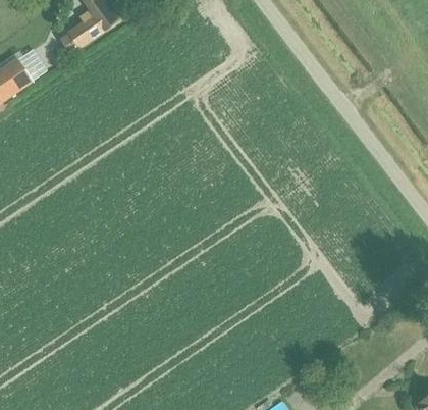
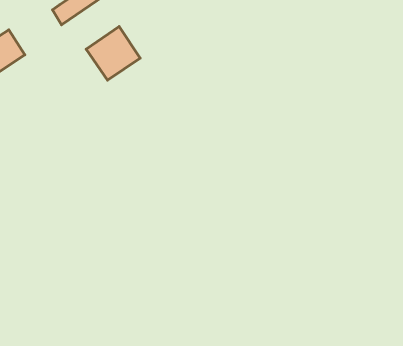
building: none -> [86,26,140,80]

